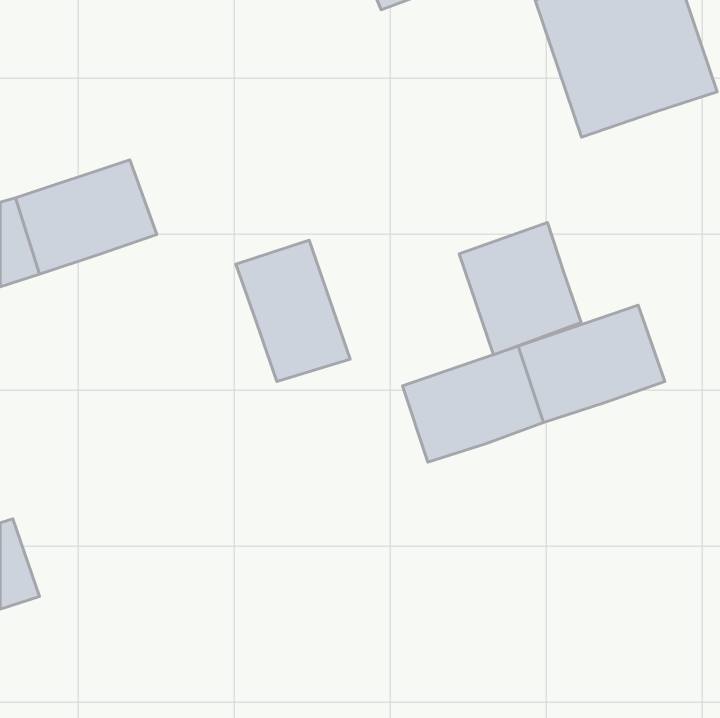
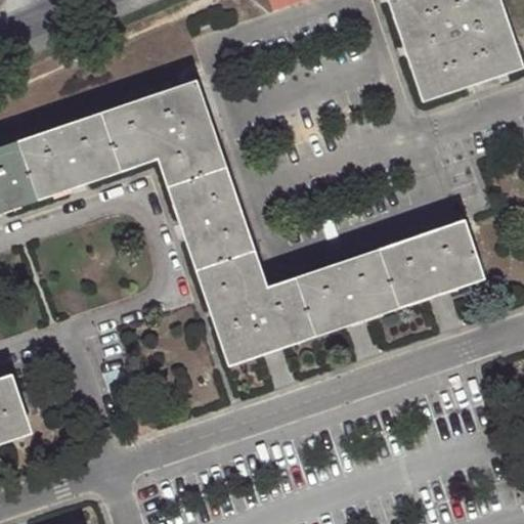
building: none -> [95,82,225,191]
building: [459,222,581,355] -> none
building: none -> [202,260,311,362]

